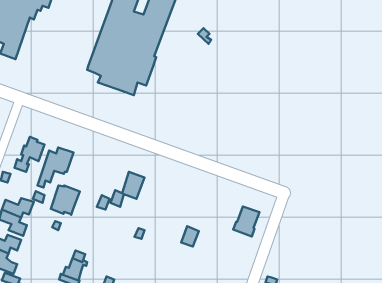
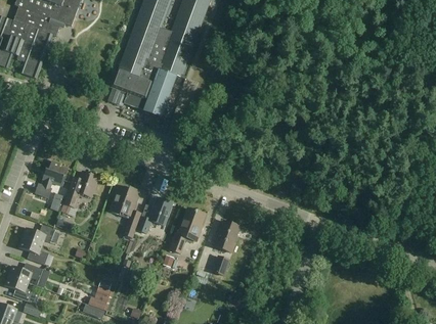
building: none -> [168,209,205,253]
building: [51,186,80,215] -> [108,186,139,217]
building: [233,206,259,236] -> [212,221,239,252]

